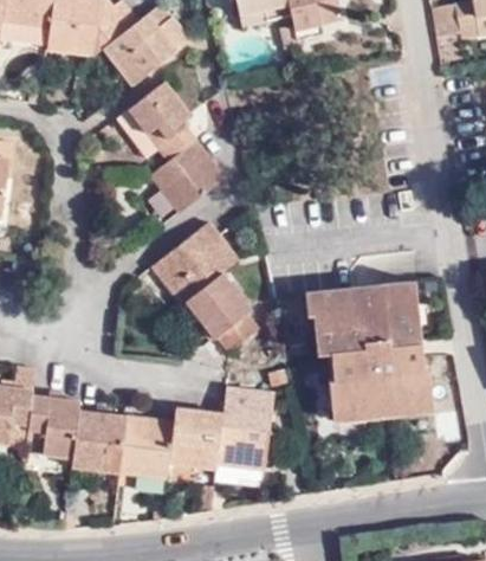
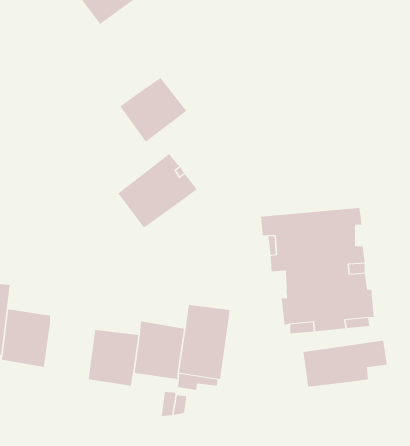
building: [117,79,197,161] -> none
building: [182,276,255,355] -> none
building: [71,410,125,471] -> none
building: none -> [303,340,387,388]

